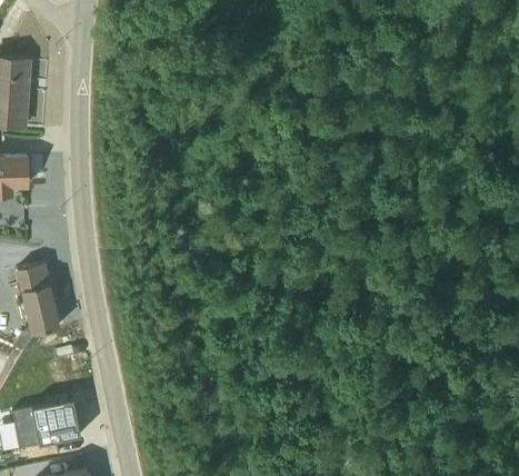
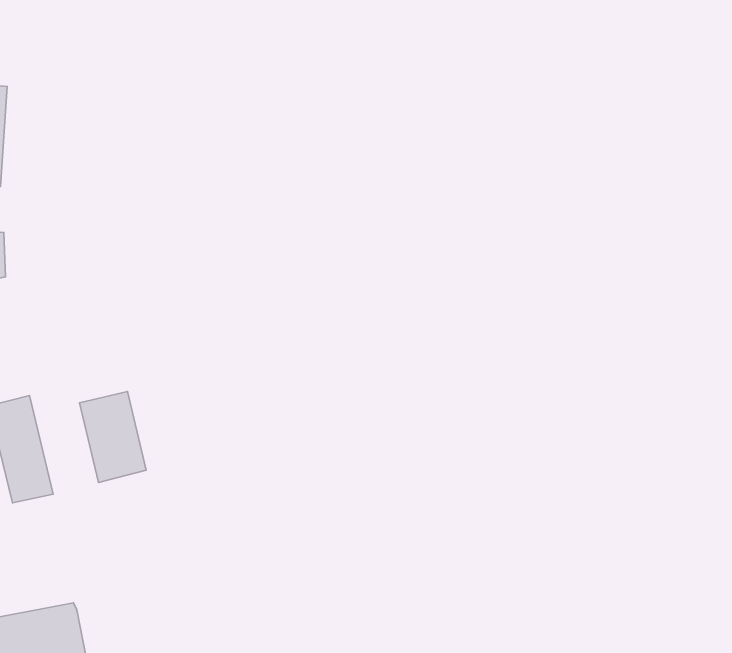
building: none -> [79,391,146,483]

